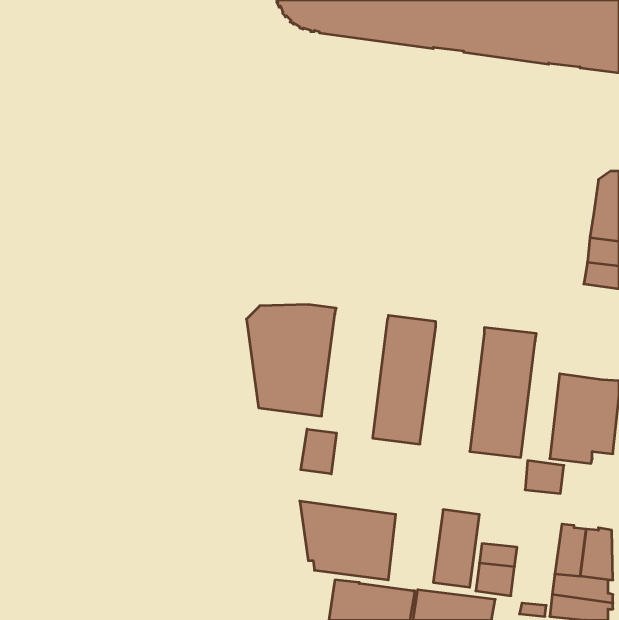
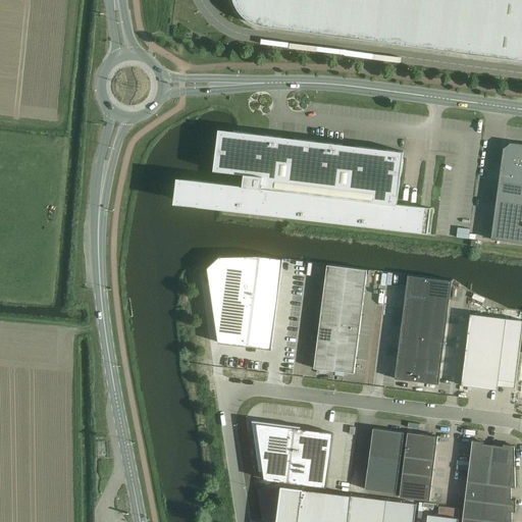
building: none -> [174,129,432,233]
building: [301,429,336,474] -> none
building: [525,461,564,493] -> [405,432,437,460]

